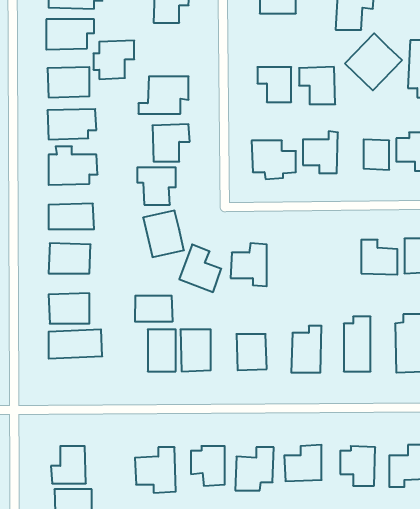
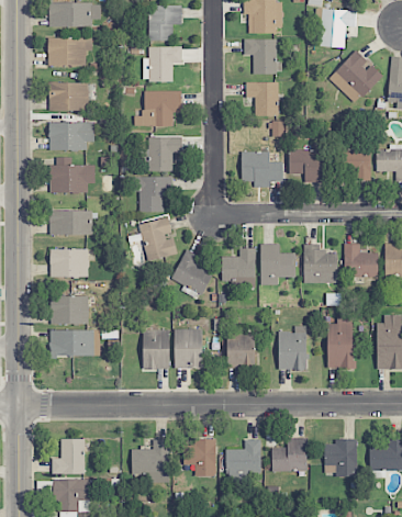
building: [93,41,134,79] -> [143,46,181,82]
building: [299,67,335,104] -> [244,38,278,74]
building: none -> [260,244,295,285]
building: none -> [303,244,337,283]
building: [135,296,172,322] -> none

